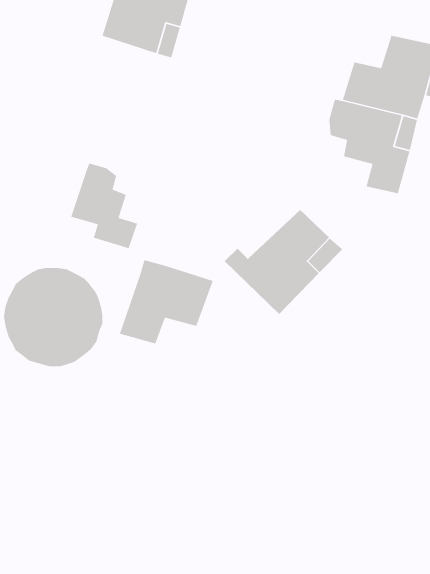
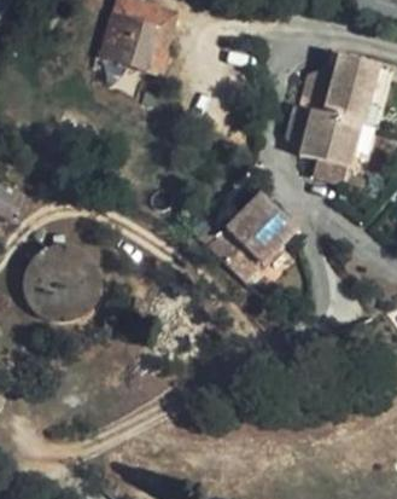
building: [70,162,138,249] -> none
building: [119,259,214,344] -> none

